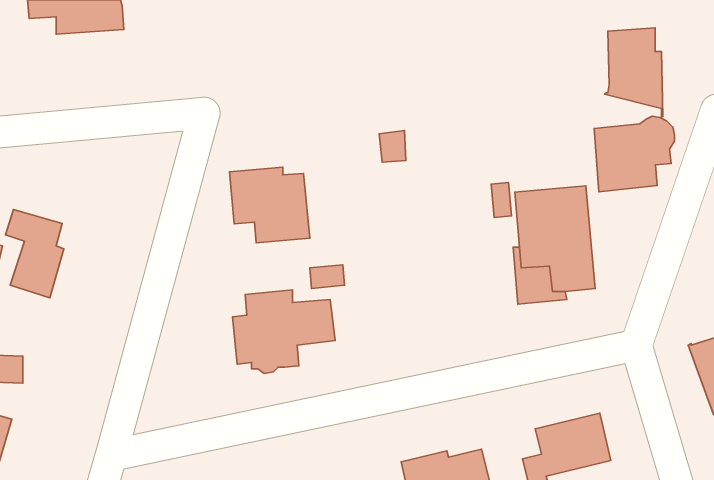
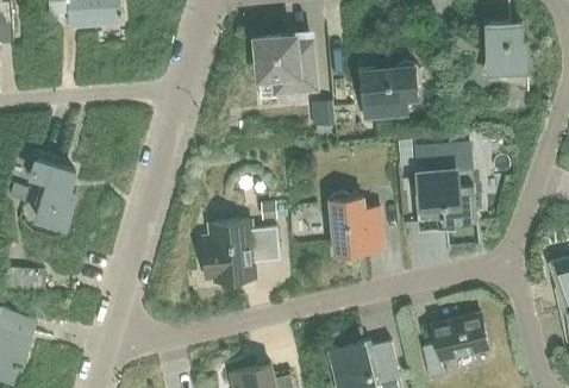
building: [594,116,674,192] -> [359,62,420,119]
building: [229,167,310,243] -> [255,36,315,93]
building: none -> [326,193,382,254]

